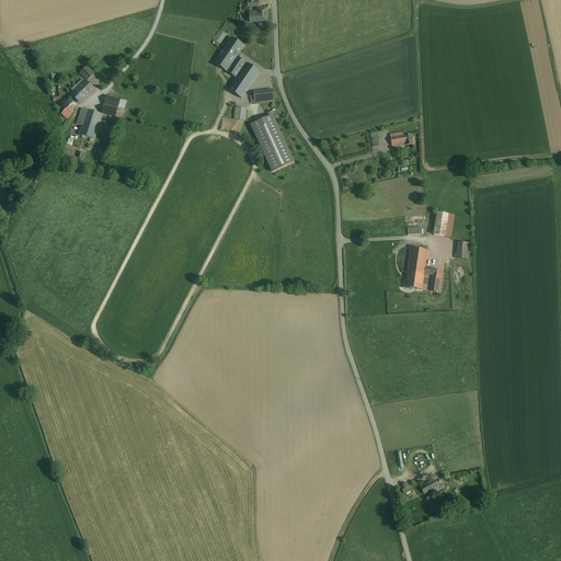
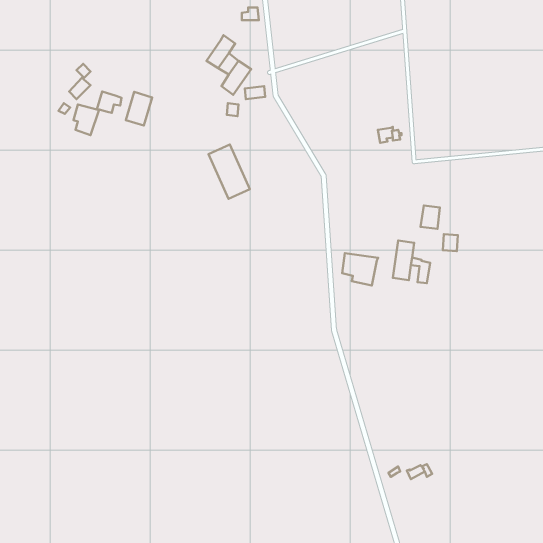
building: none -> [126,92,152,125]
building: [250,115,293,171] -> [208,145,250,199]
building: none -> [342,253,378,285]

